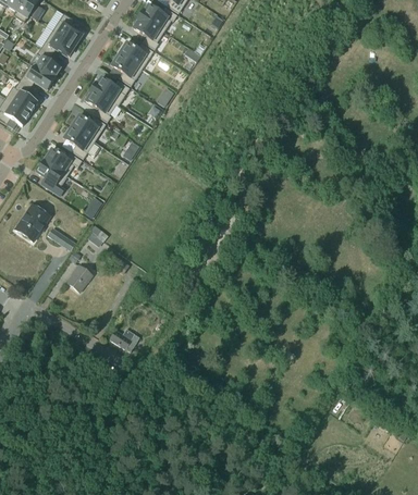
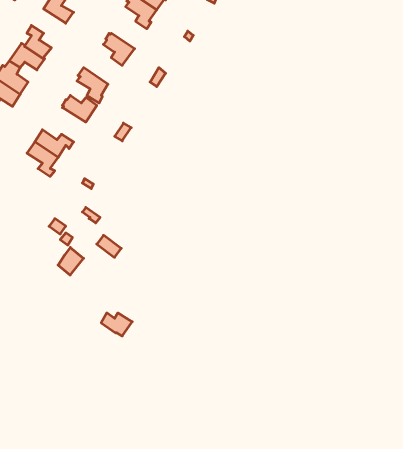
building: [40,29,74,54] -> none
building: [118,41,152,69] -> none
building: [91,77,128,104] -> none
building: [63,126,94,158] -> none
building: [14,202,49,240] -> none

